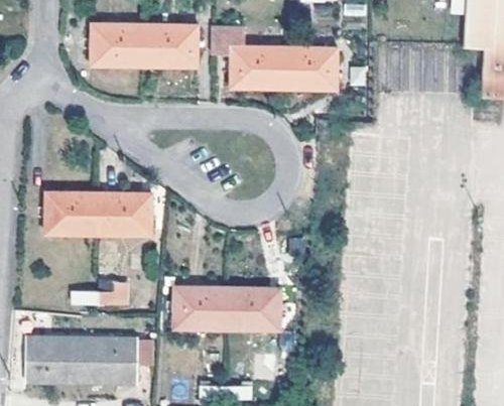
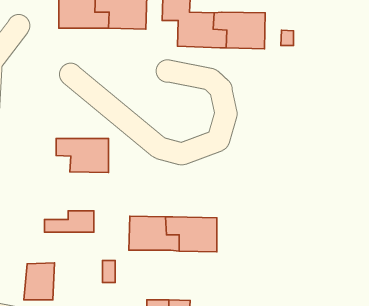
building: [46,194,105,234] -> none
building: [28,342,53,385] -> none
building: [84,342,138,385] -> none

